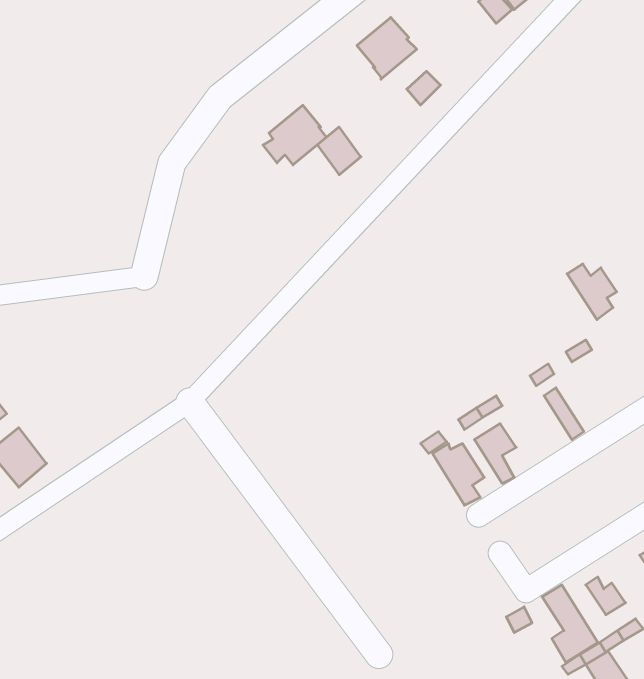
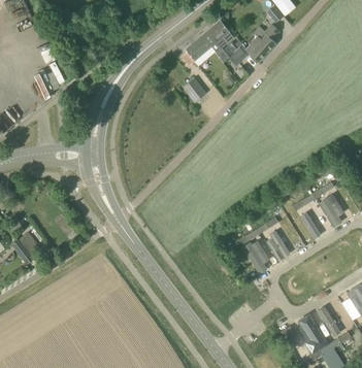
building: none -> [244,23,277,61]
building: [263,105,327,165] -> [182,34,215,65]
building: [567,264,617,320] -> [318,197,343,226]

